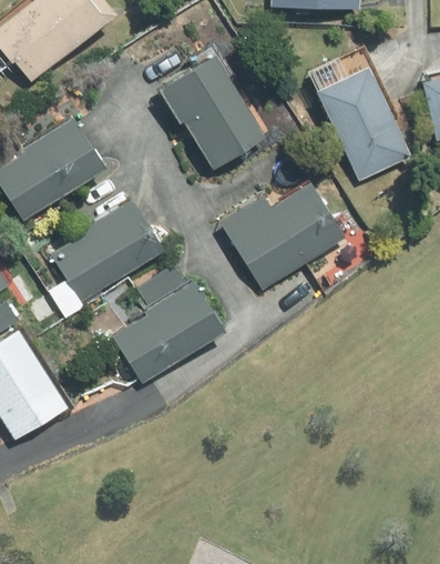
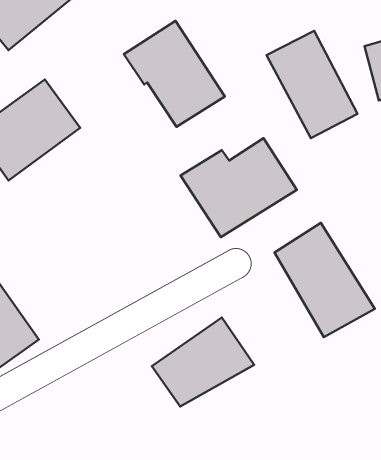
building: [45,202,163,304] -> none
building: none -> [275,223,375,337]
building: [112,281,224,379] -> [152,317,254,406]

